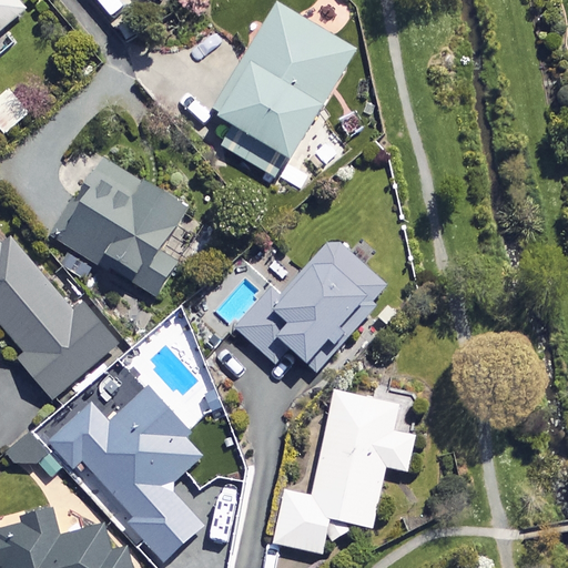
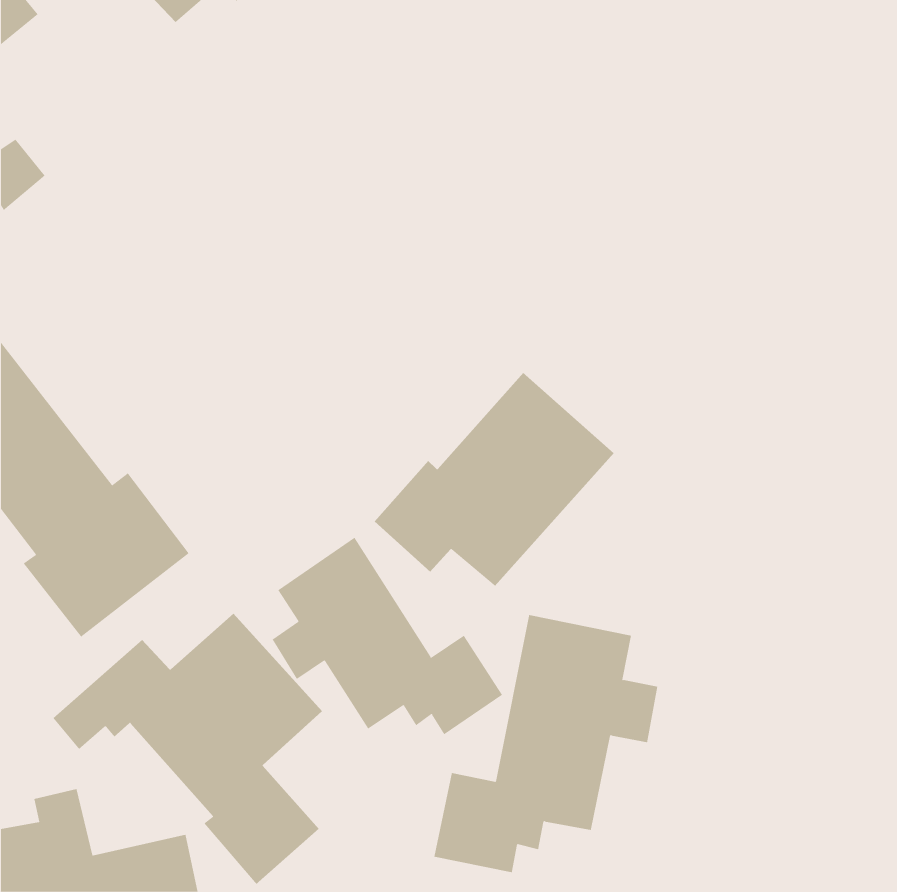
building: [211,4,353,179] -> none
building: [54,159,184,296] -> none
building: none -> [272,537,503,735]

